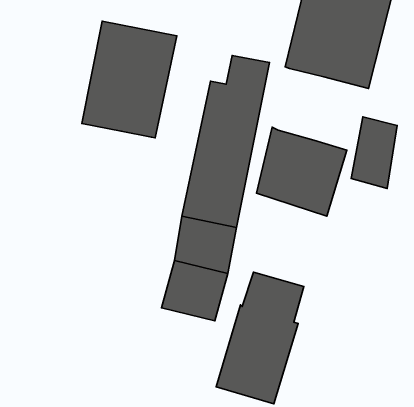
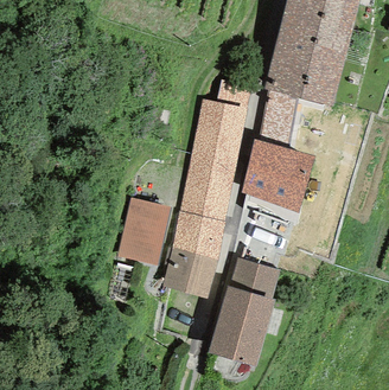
building: [82,21,177,138] -> none
building: [351,117,397,188] -> [259,90,296,149]
building: none -> [117,199,171,264]

